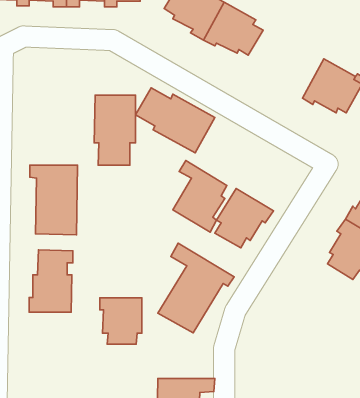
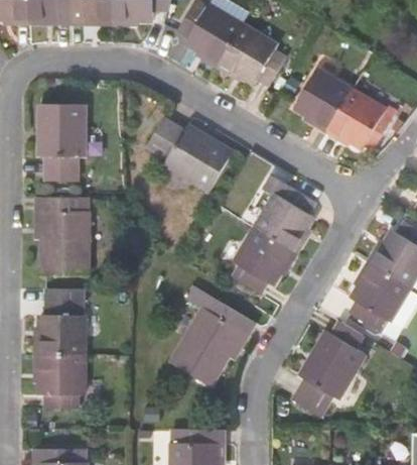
building: none -> [295,68,351,128]
building: [94,95,135,165] -> [36,106,81,182]
building: [173,160,227,232] -> [256,172,314,250]
building: none -> [294,320,367,414]
building: [100,298,142,344] -> [32,360,78,411]

